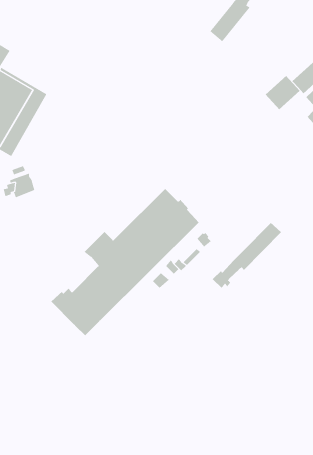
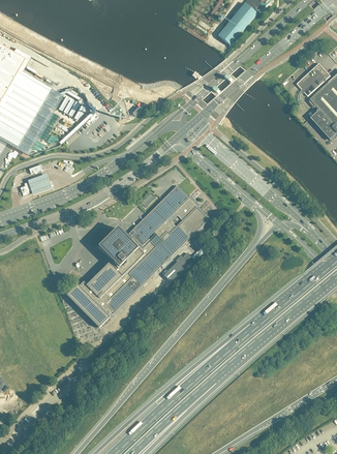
building: [265,75,300,110] -> none
building: [212,222,282,289] -> none

